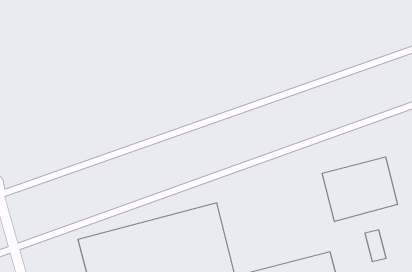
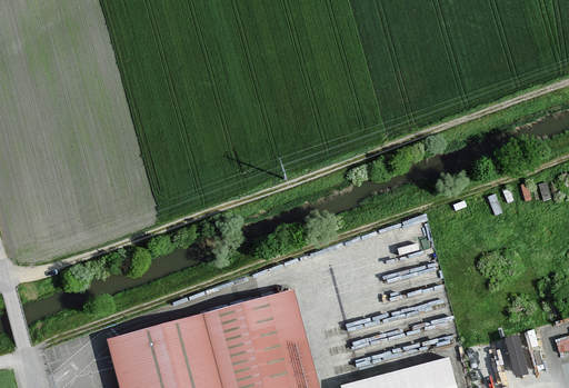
building: [322,157,397,222] -> none

